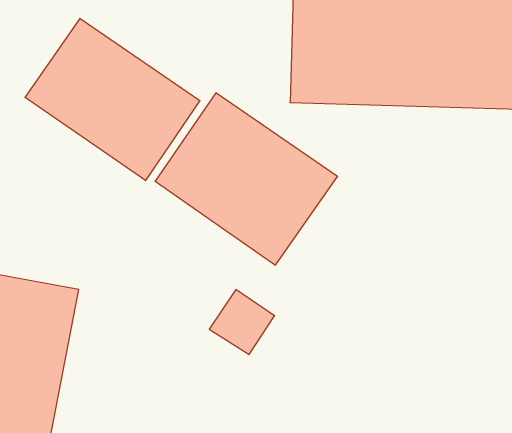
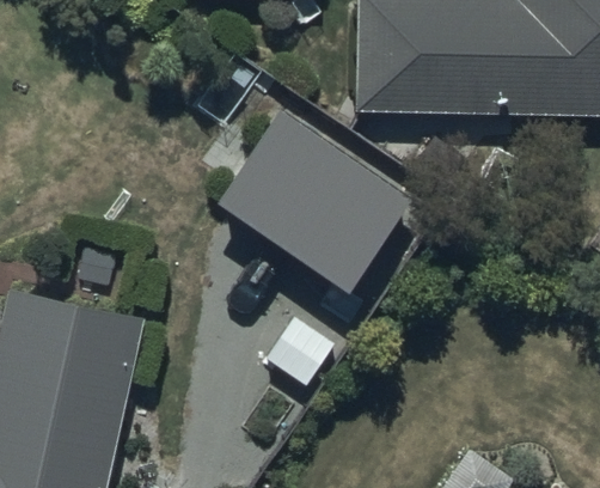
building: [25,18,200,181] -> none

